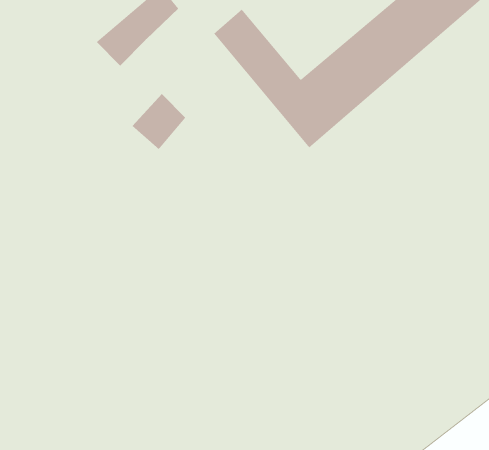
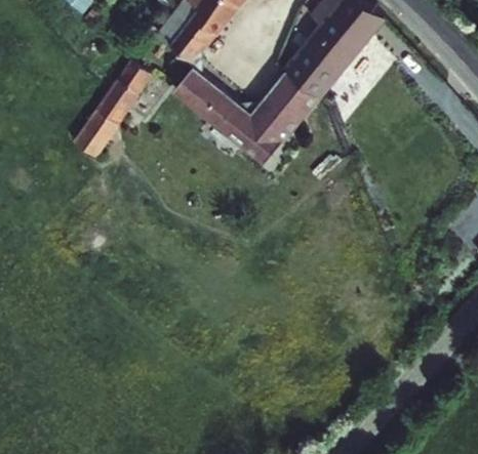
building: [132,93,186,150] -> [73,113,113,156]

